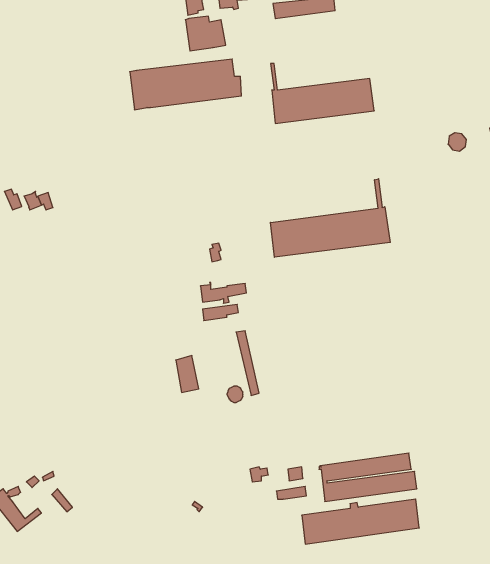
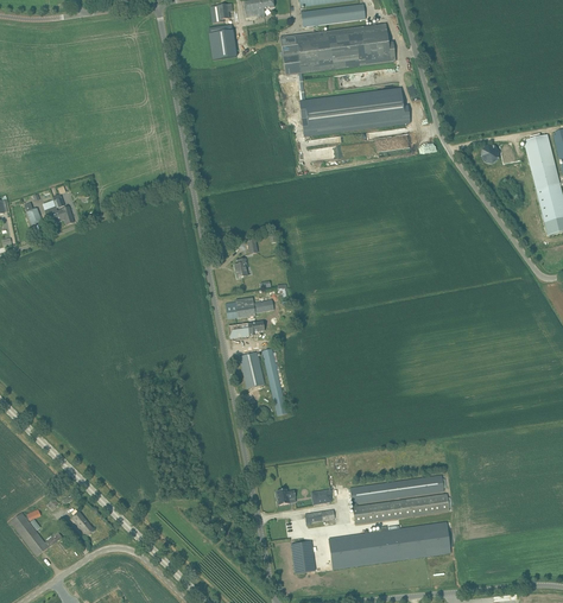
building: [130,59,241,110] -> [280,23,396,75]
building: [270,179,390,257] -> none
building: [176,356,199,392] -> [240,350,264,388]
building: none -> [291,540,315,572]

